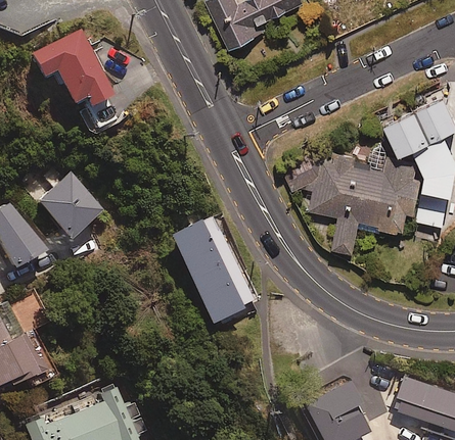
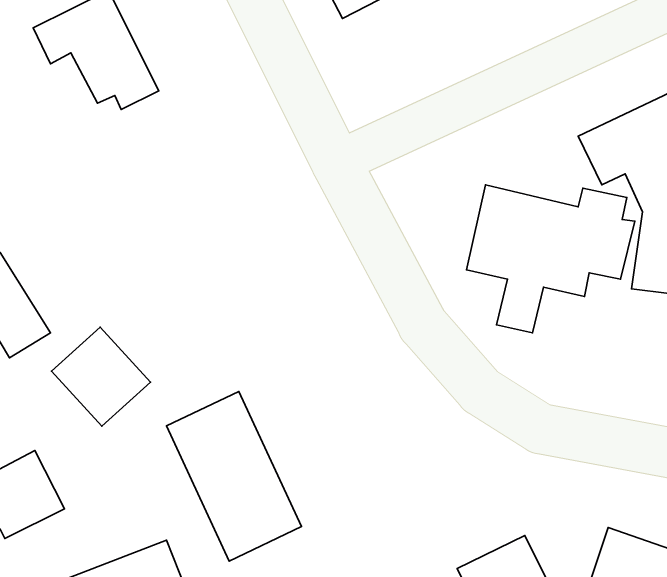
building: [36,174,100,238] -> [51,327,150,426]
building: [169,214,257,325] -> [166,391,302,561]

